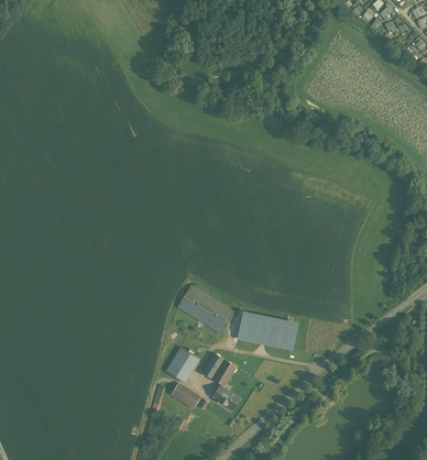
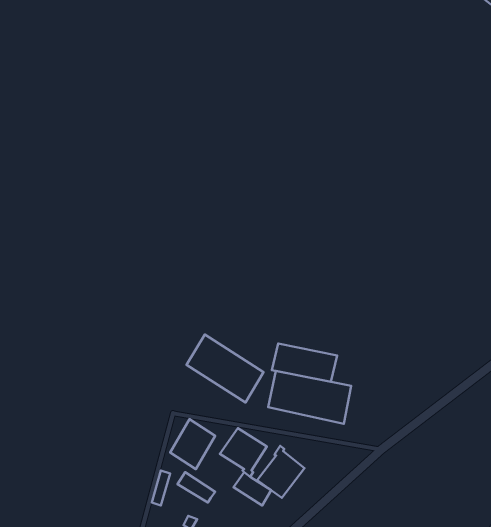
building: none -> [272,344,337,382]
building: none -> [257,446,305,498]

